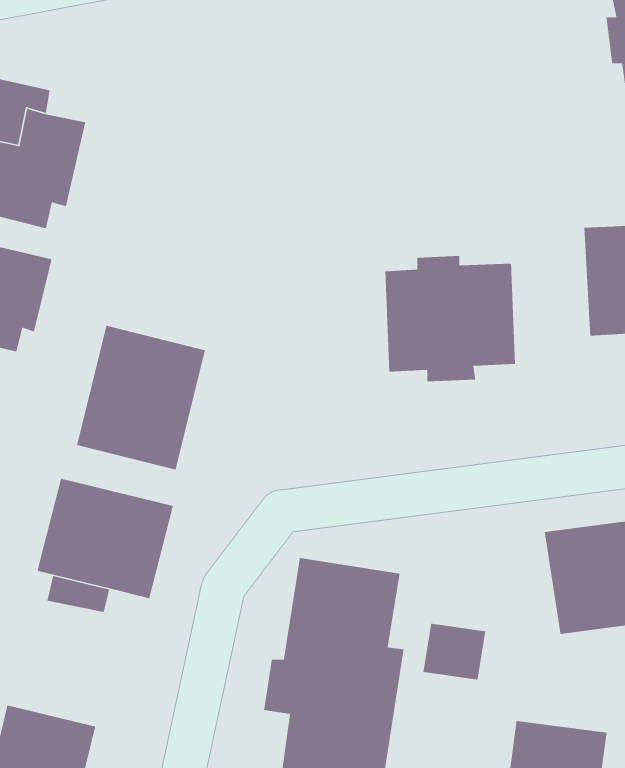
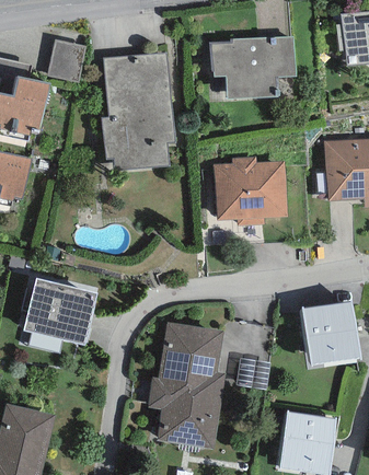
building: none -> [211,36,295,99]
building: none -> [46,39,85,82]
building: none -> [101,51,174,171]
building: [76,325,206,471] -> none

